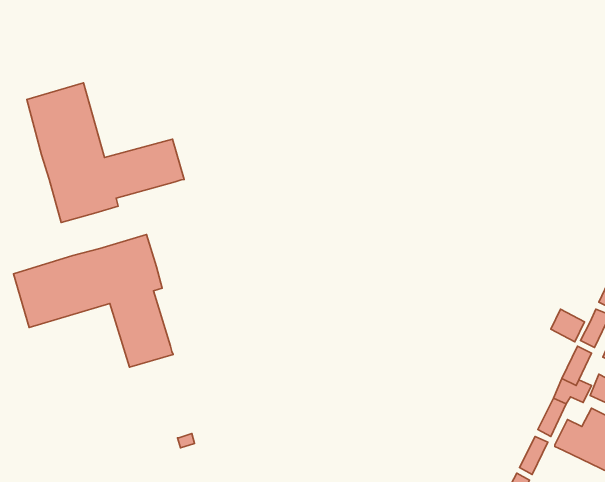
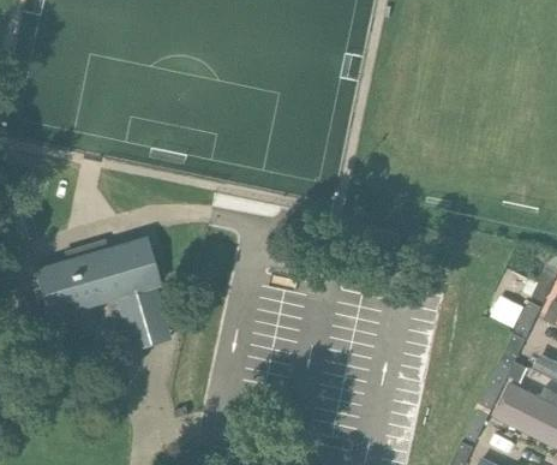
building: [27,83,184,223] -> none

